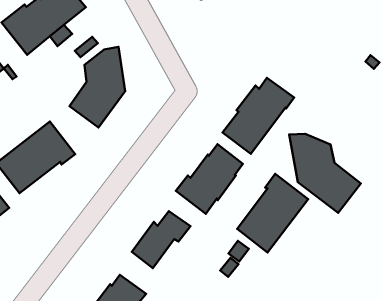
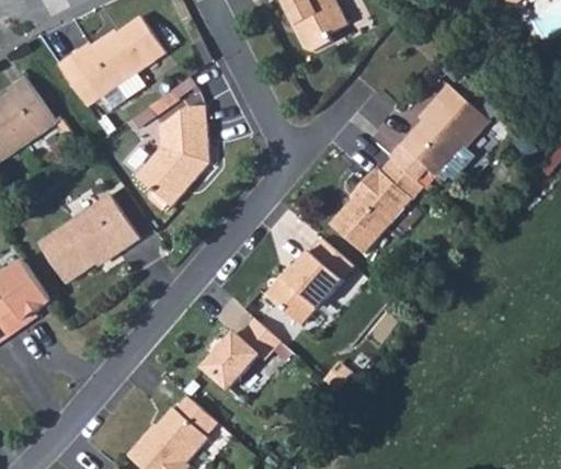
building: none -> [400,83,489,175]
building: [289,134,361,213] -> none
building: [237,174,308,252] -> none

